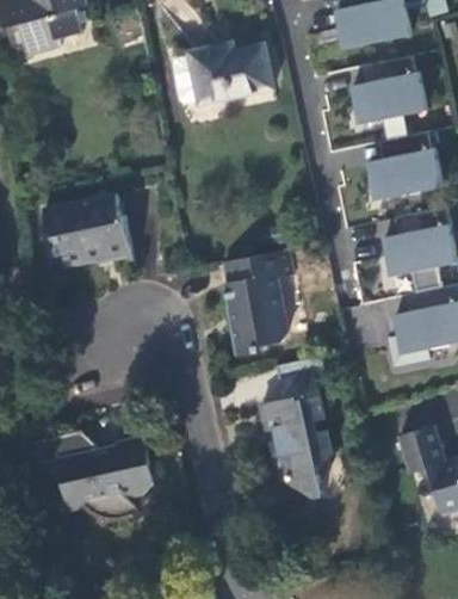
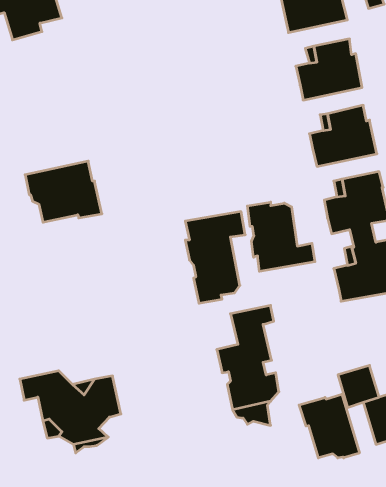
building: [186,48,271,106] -> none
building: none -> [247,202,315,271]
building: none -> [299,394,359,458]

